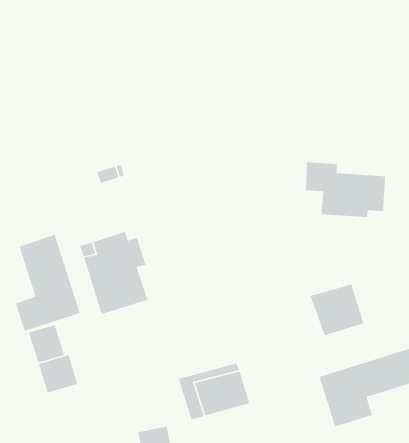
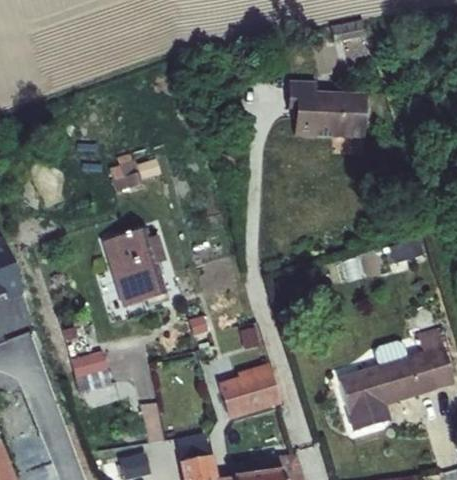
building: [305,162,386,218] -> [291,81,371,137]
building: [15,234,81,332] -> none
building: [310,283,365,336] -> none

